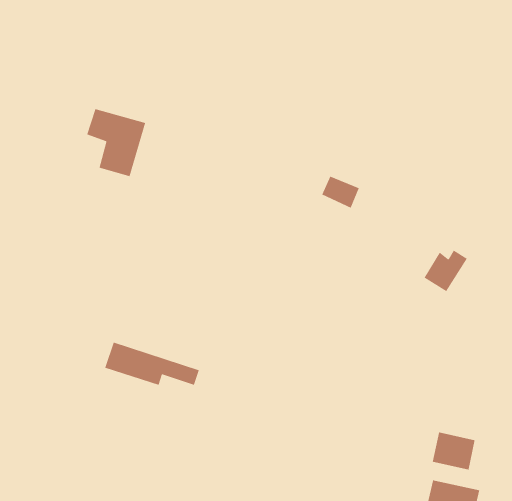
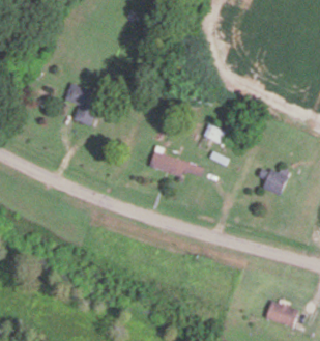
building: [104,342,200,386] -> [149,151,205,177]
building: [432,432,475,470] -> none

